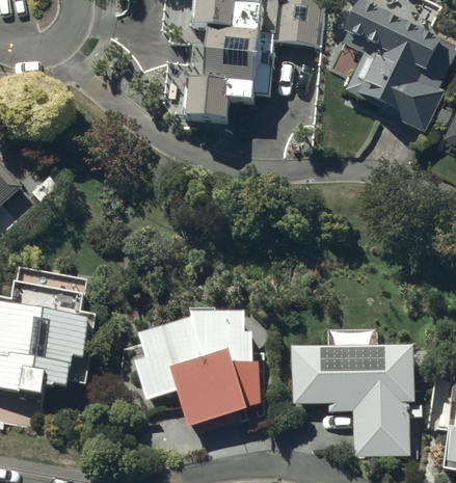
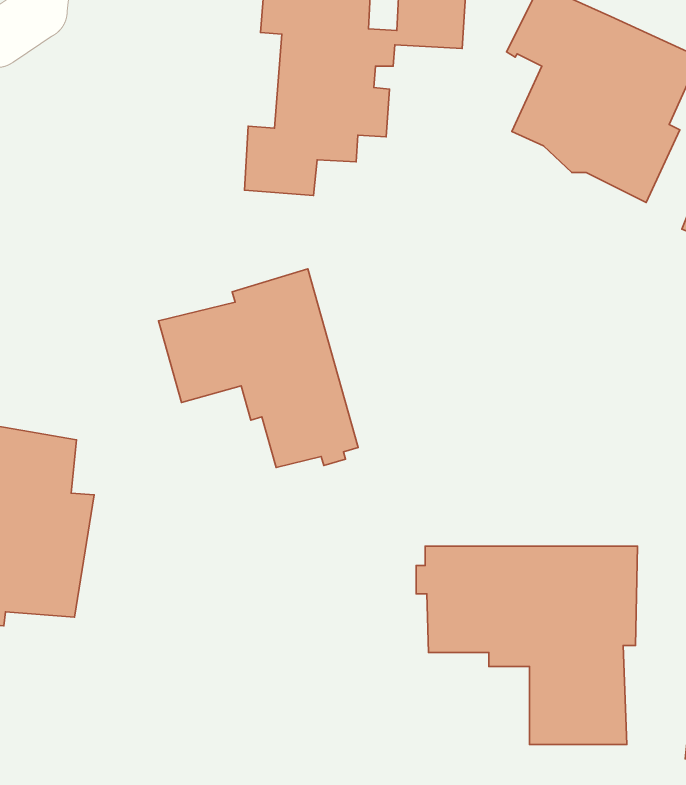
building: none -> [158,269,358,468]
building: [134,304,260,432] -> none

